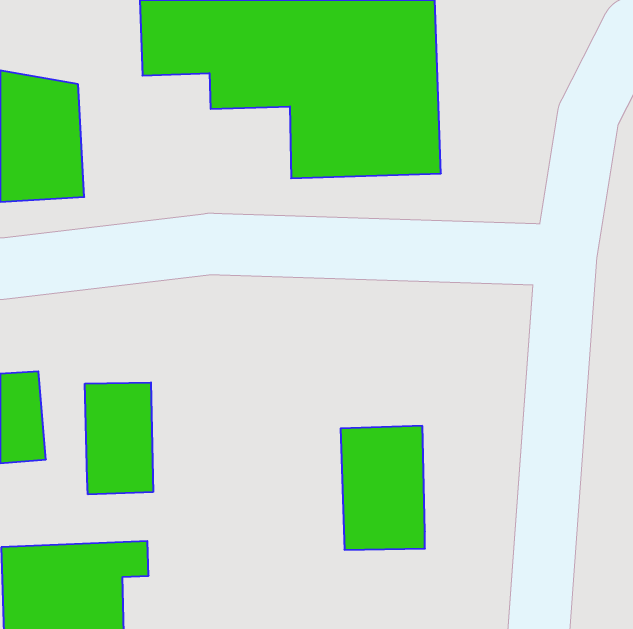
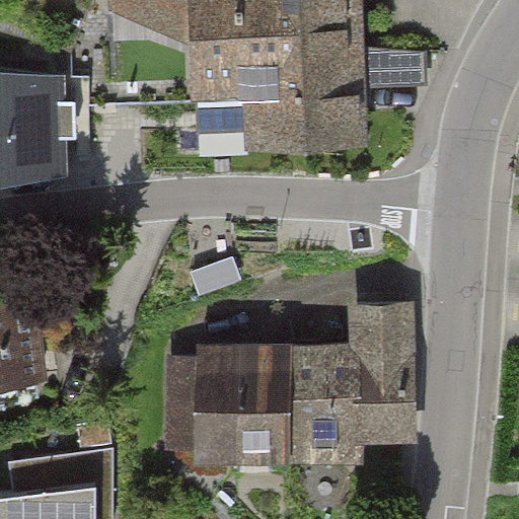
building: none -> [345,309,413,438]
building: [85,382,153,494] -> none
building: none -> [173,354,282,455]

